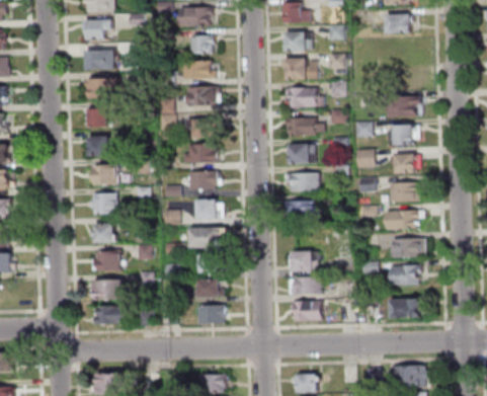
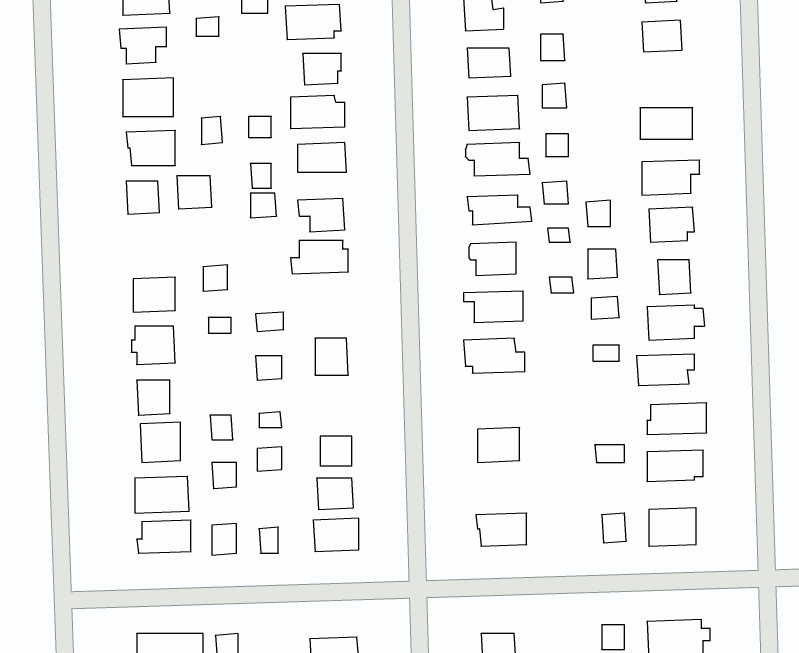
building: [90,138,110,157] -> [177,176,212,209]
building: [190,171,217,189] -> none
building: [192,231,228,250] -> none
building: [290,278,322,295] -> none

